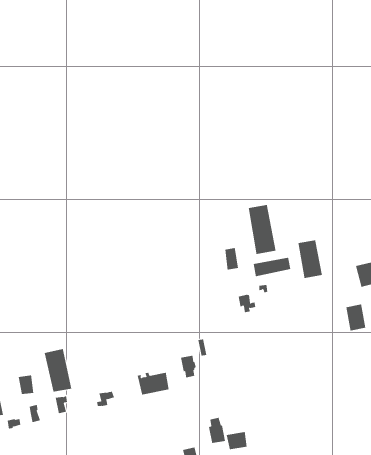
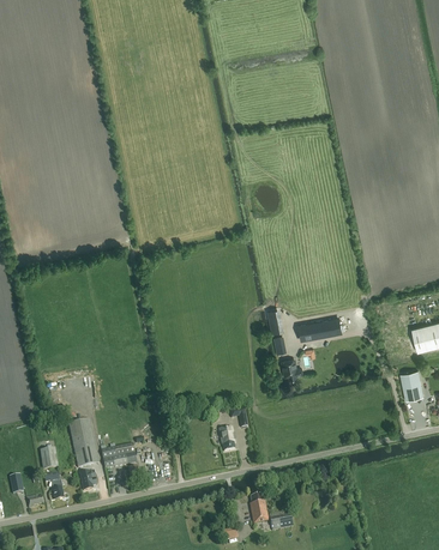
building: [248,204,276,255] -> none
building: [298,239,322,279] -> none
building: [137,372,170,395] -> [101,443,137,469]

